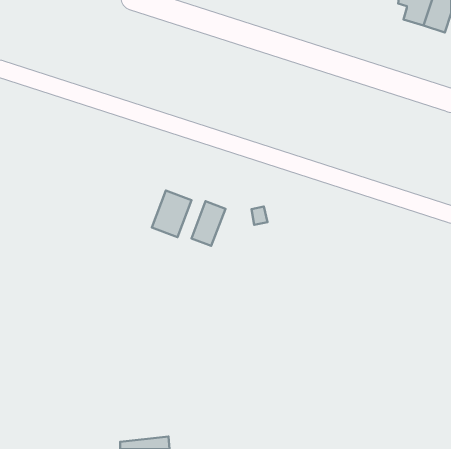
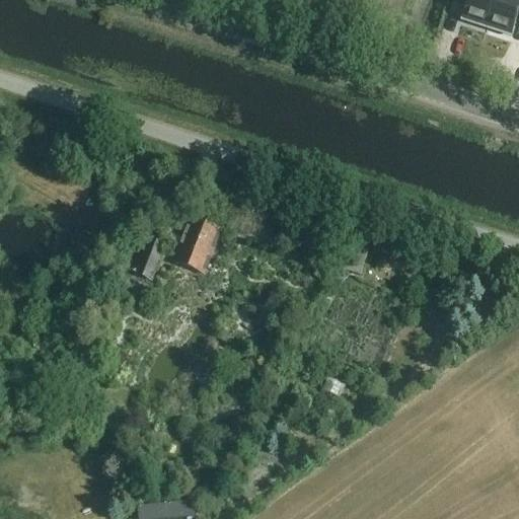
building: [191,201,225,246] -> none
building: none -> [132,237,166,281]

